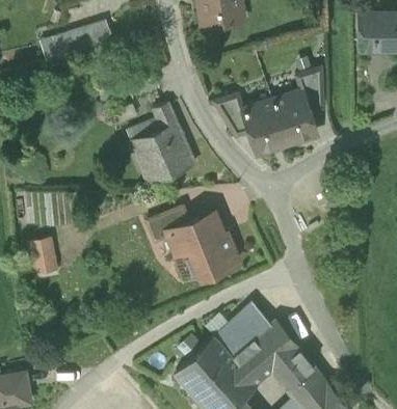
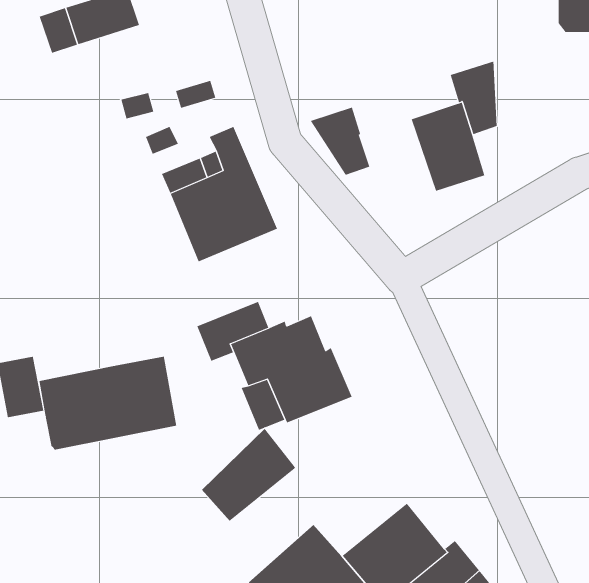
building: [242,99,287,152] -> none
building: none -> [39,356,177,450]
building: [215,300,271,355] -> [201,428,297,522]

